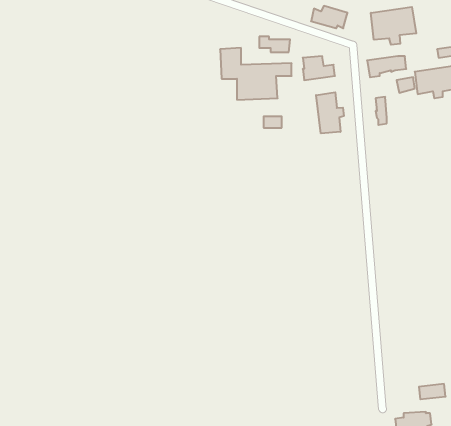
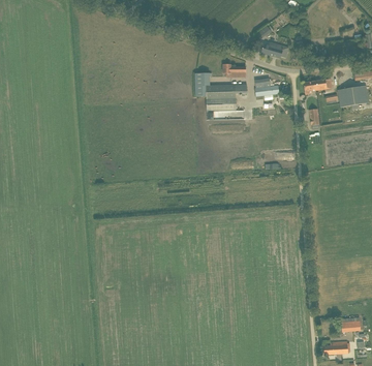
building: [371,7,416,45] -> none
building: [316,92,344,133] -> none

